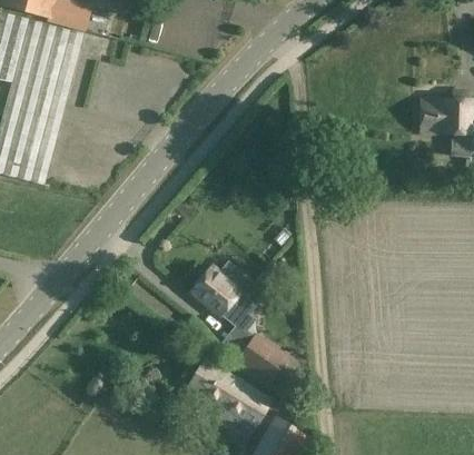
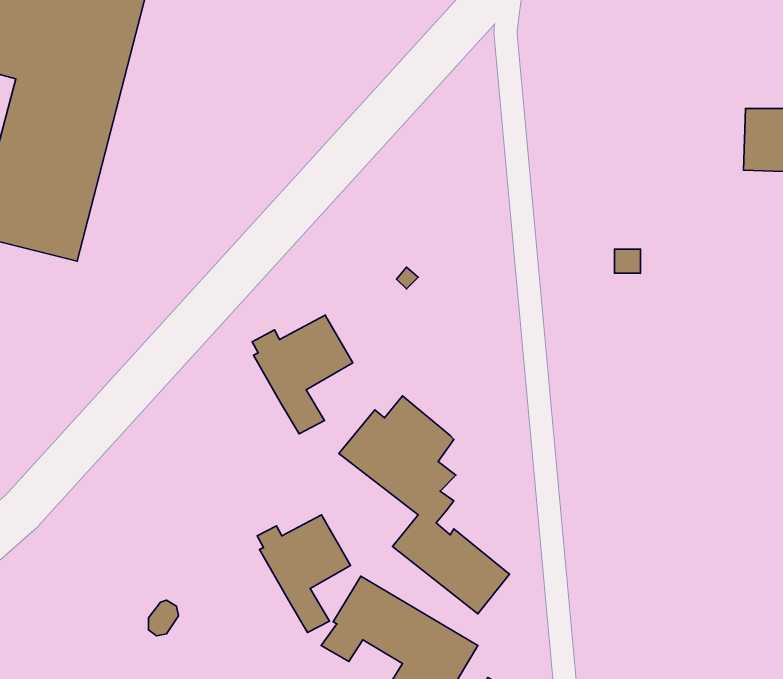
building: none -> [252,315,353,434]
building: none -> [257,515,351,632]

